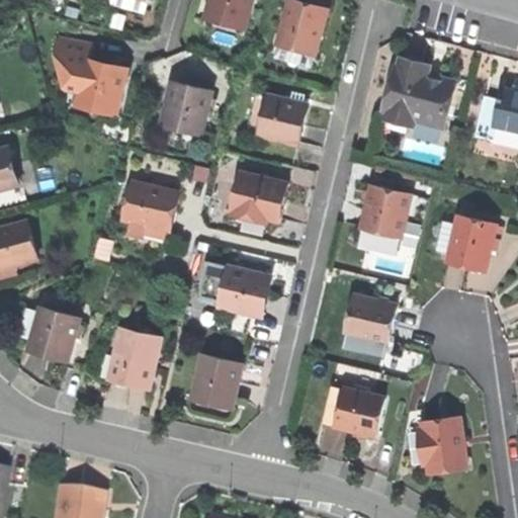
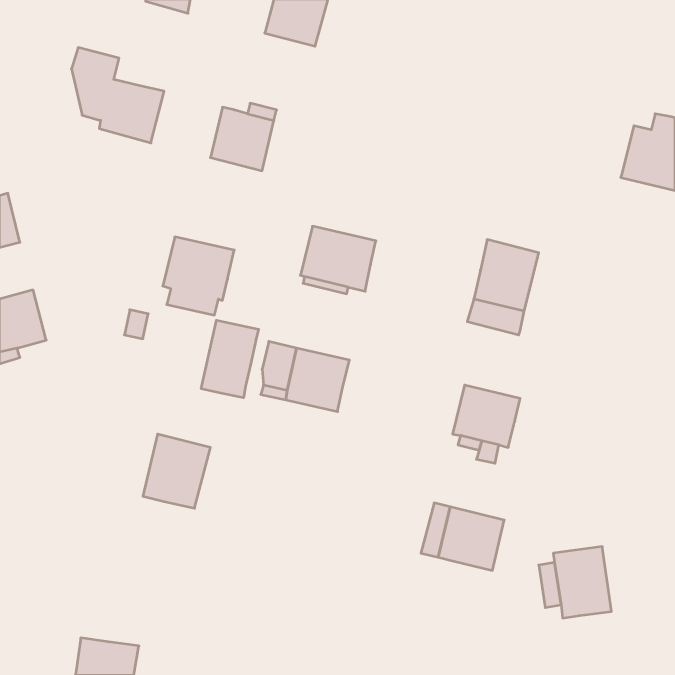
building: [271,4,324,68] -> none
building: [383,59,454,126] -> none
building: [243,93,306,146] -> none
building: [446,214,500,272] -> none
building: none -> [201,320,259,398]
building: [28,308,79,357] -> none
building: [193,353,243,402] -> none

